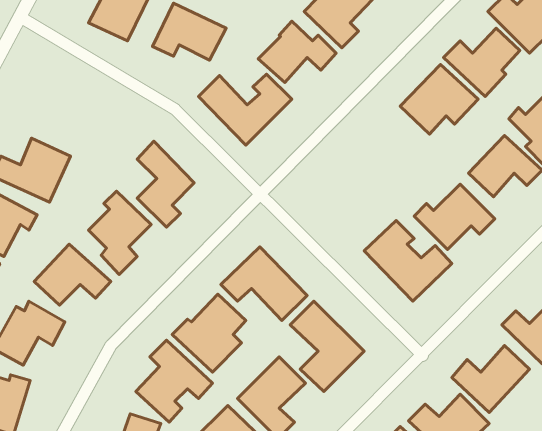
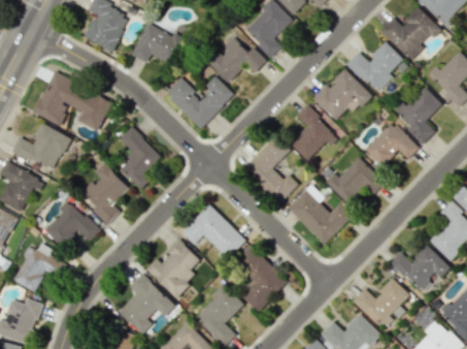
building: none -> [33,72,112,131]
building: none -> [291,105,340,161]
building: none -> [243,136,299,204]

